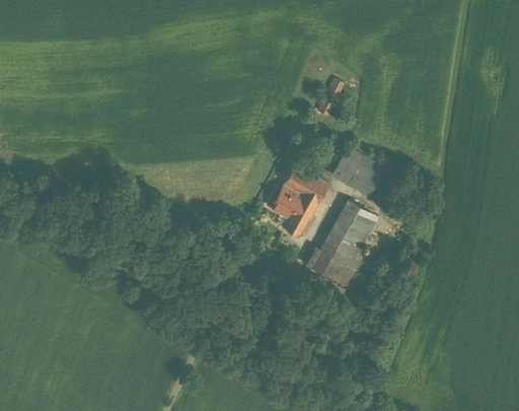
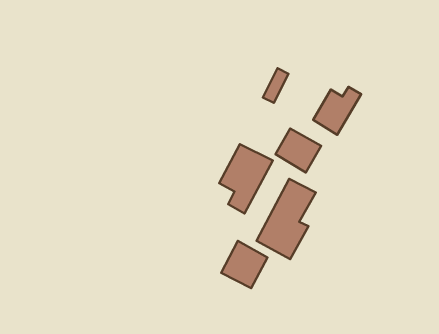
building: none -> [313,87,361,135]
building: none -> [221,241,268,288]

